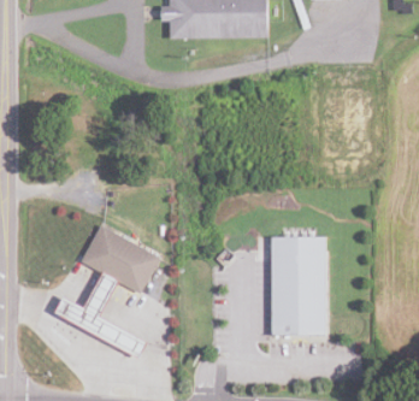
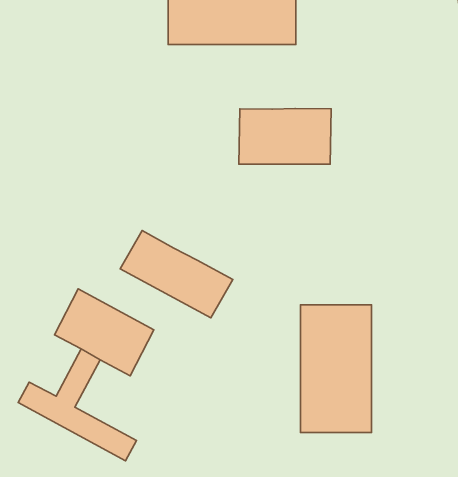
building: none -> [239,108,331,164]
building: none -> [120,231,233,318]

